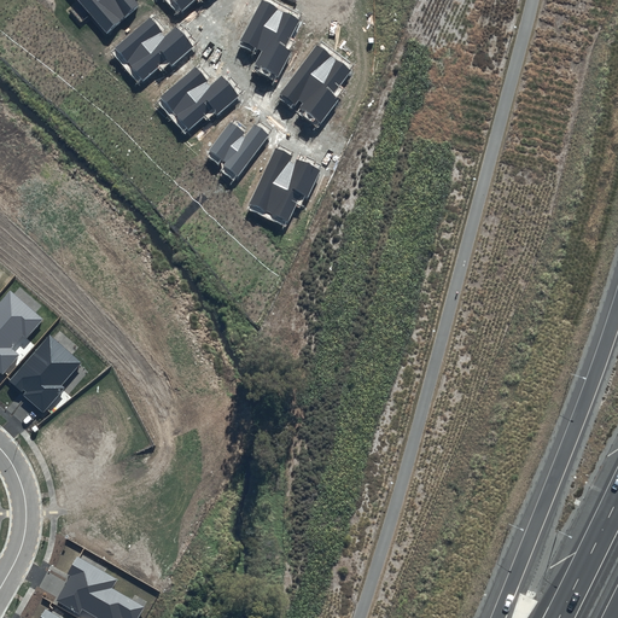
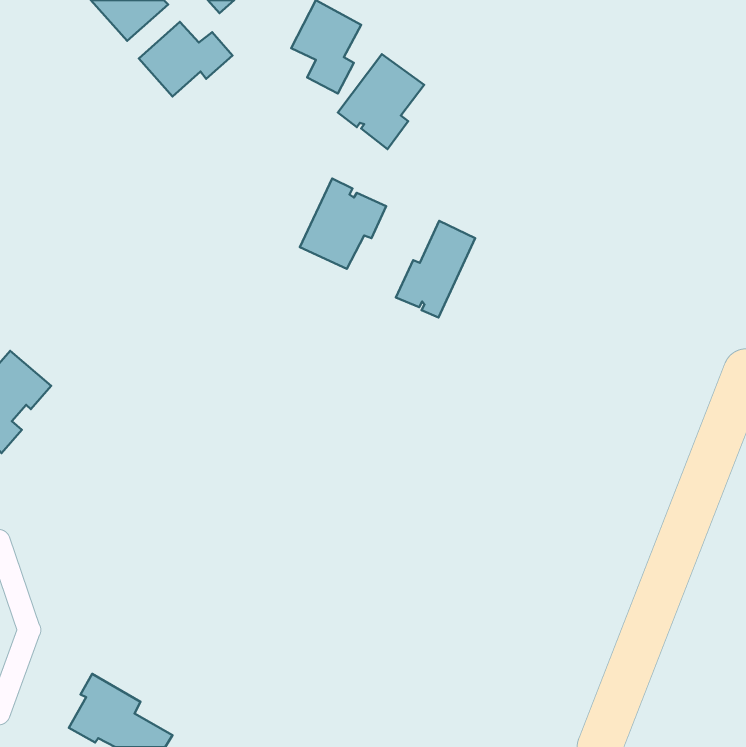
building: [159,66,238,129] -> none
building: [209,122,268,176] -> none
building: none -> [396,221,475,317]
building: [8,334,81,413] -> none

